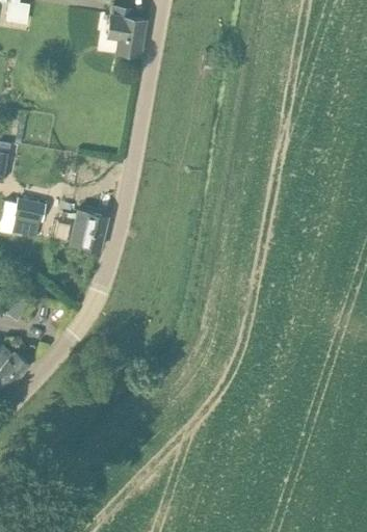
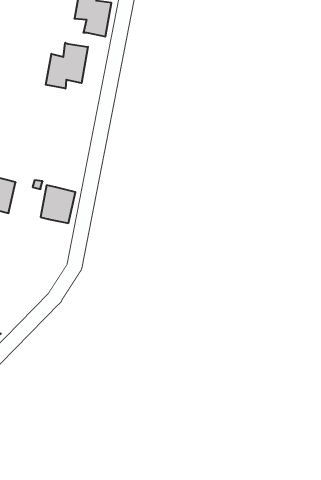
building: none -> [46,43,88,89]

